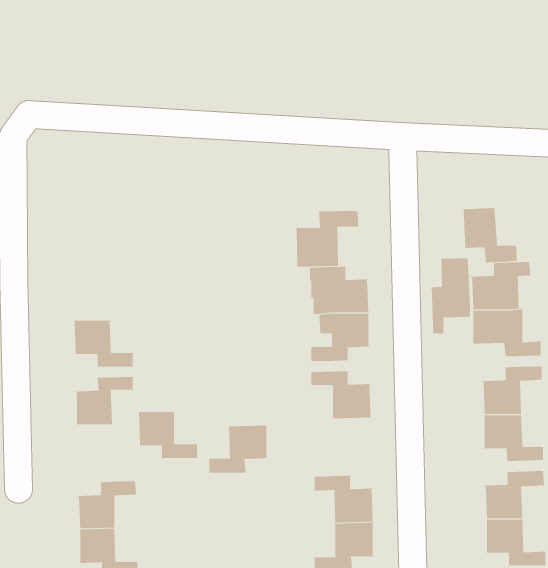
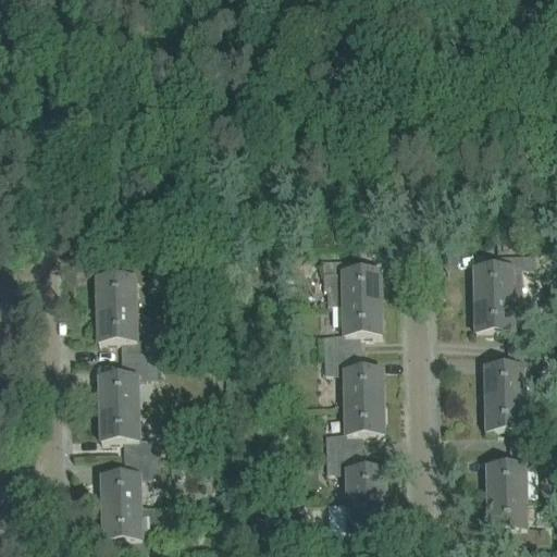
building: [463,207,517,263] -> none
building: [294,210,359,267] -> none
building: [431,255,470,334] -> none
building: none -> [95,259,153,305]
building: [137,412,198,459] -> [99,404,157,448]
building: [208,425,269,473] -> [324,397,382,443]

